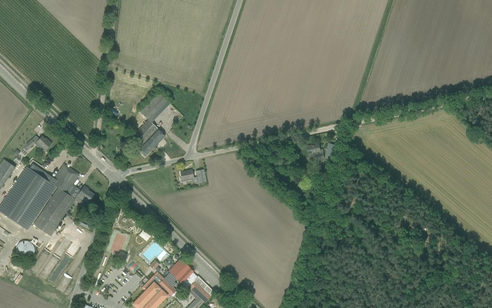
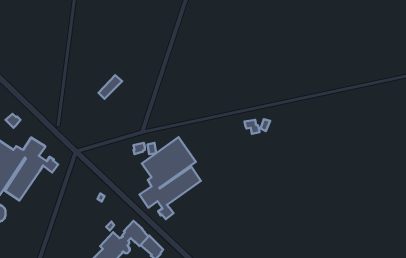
building: [133,120,165,157] -> none
building: none -> [139,137,201,219]

